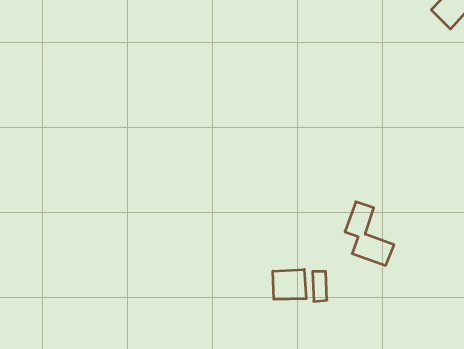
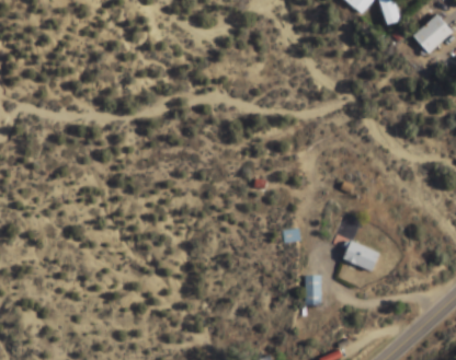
building: [273,269,306,299] -> none

